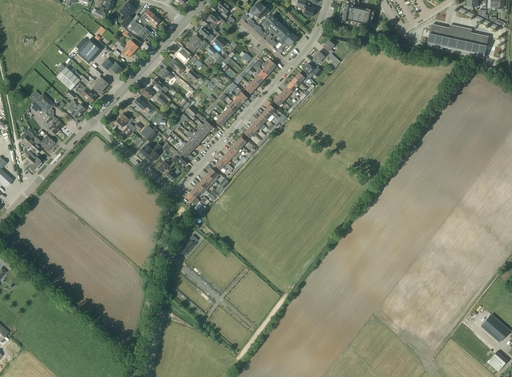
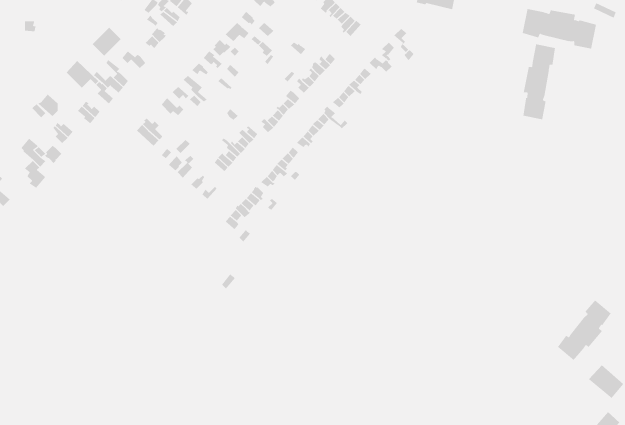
building: none -> [523,44,555,120]
building: none -> [557,299,612,361]

